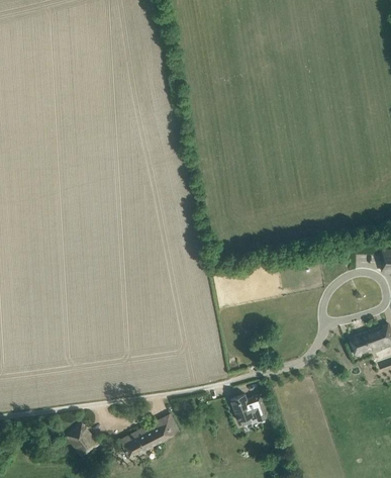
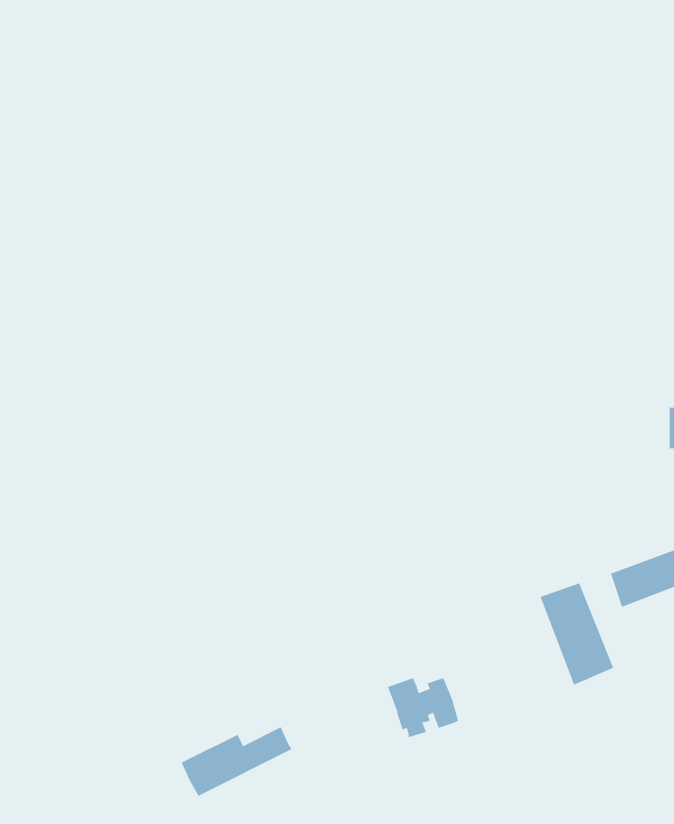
building: none -> [540,582,614,686]
building: [64,422,98,459] -> none

